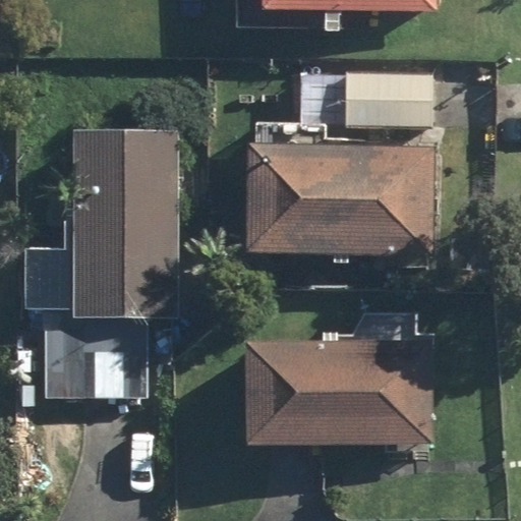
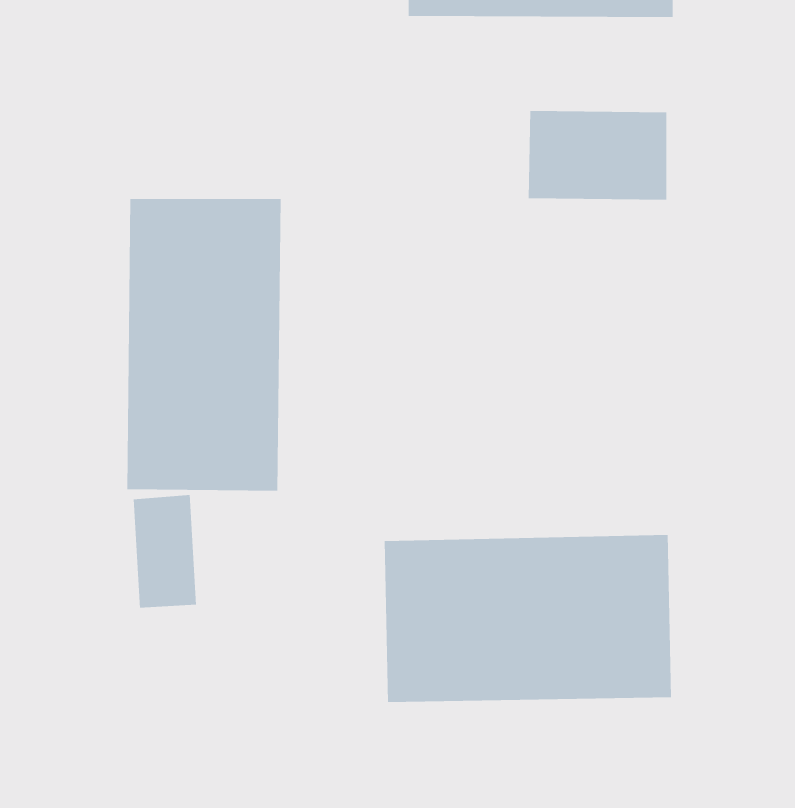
building: [244,146,427,255] -> none

